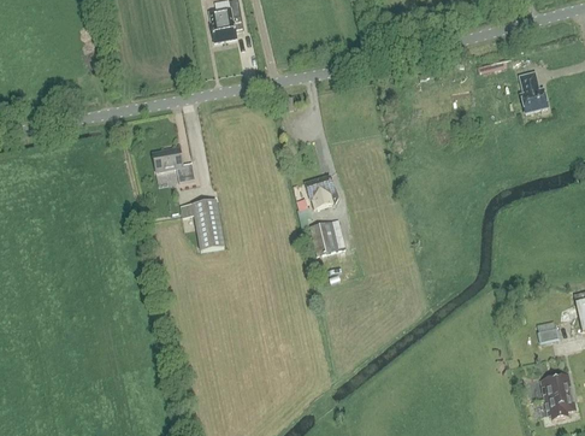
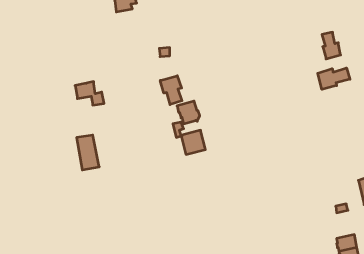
building: none -> [318,68,350,89]
building: none -> [160,76,182,105]
building: [190,199,224,251] -> [77,135,99,170]

